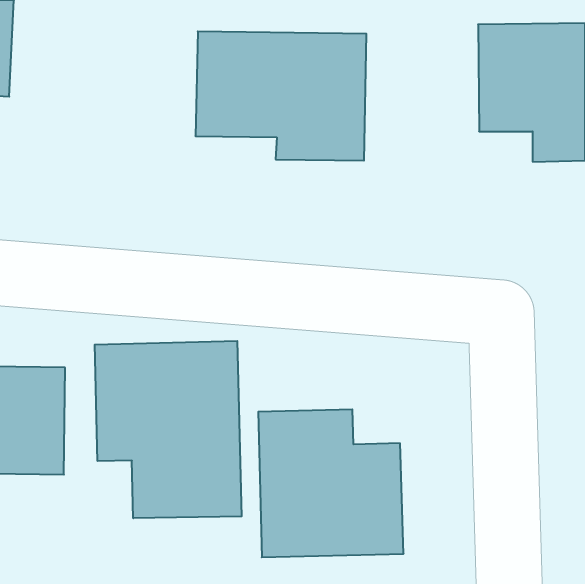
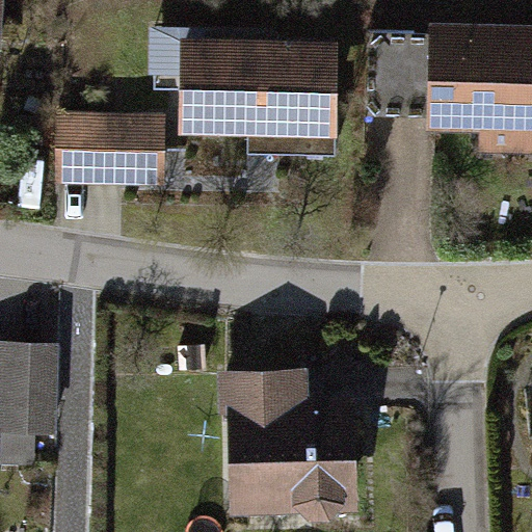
building: none -> [50,122,156,186]
building: [95,341,242,518] -> none

